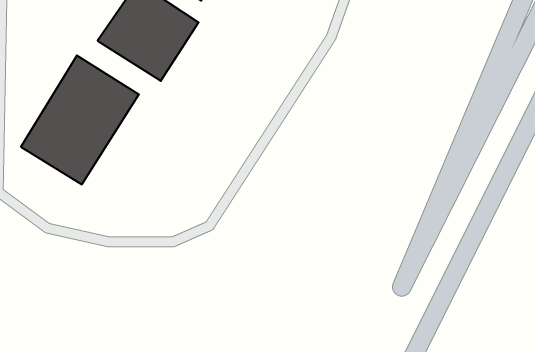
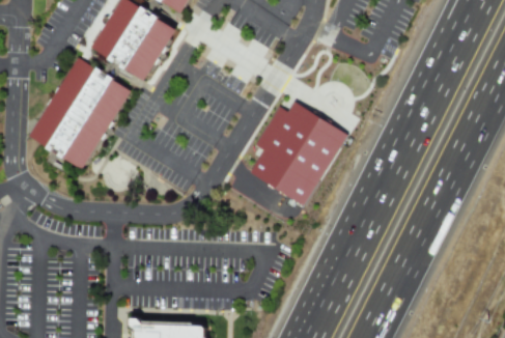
building: none -> [242,103,339,206]

